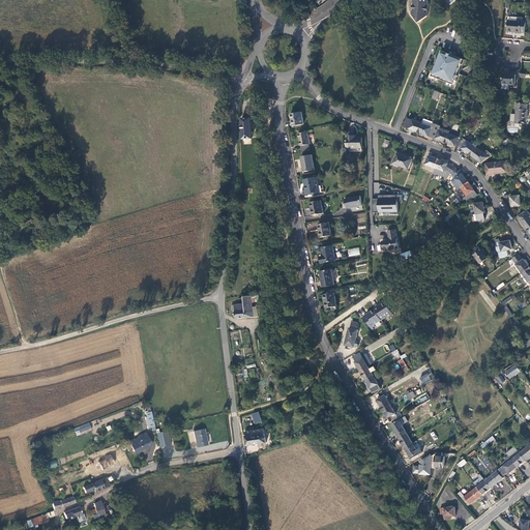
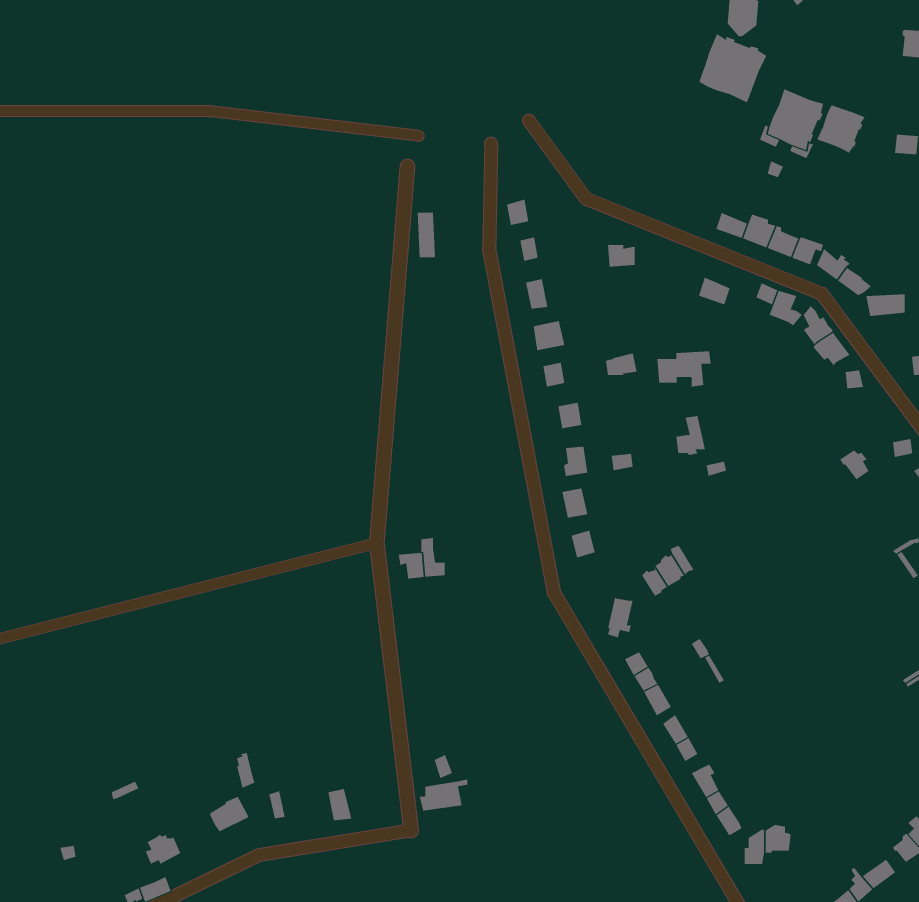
building: none -> [698,33,767,103]
building: none -> [817,104,865,153]

